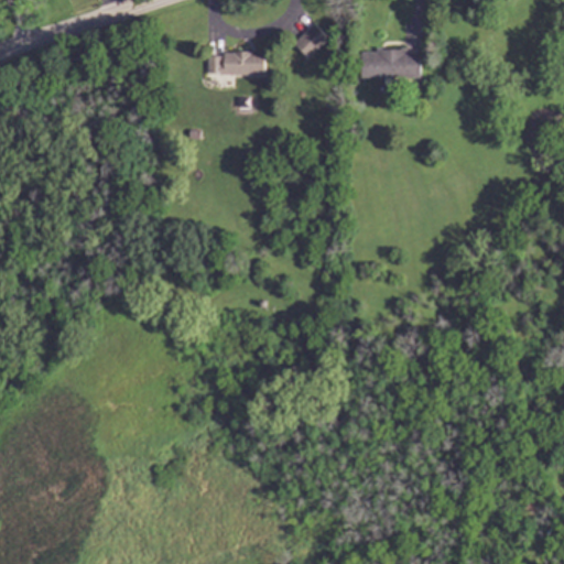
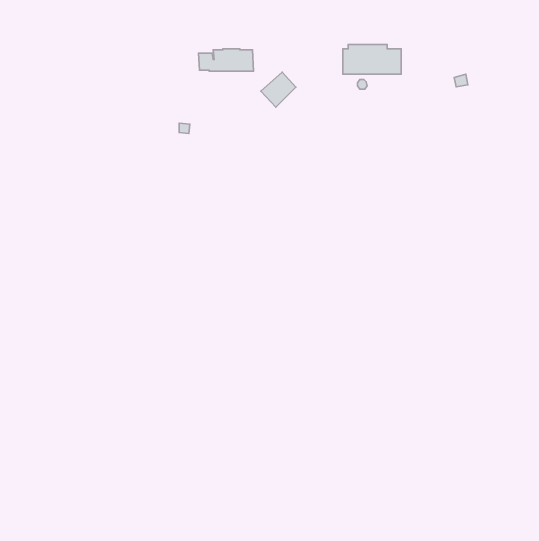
building: [293,23,329,59] -> [261,72,296,107]

